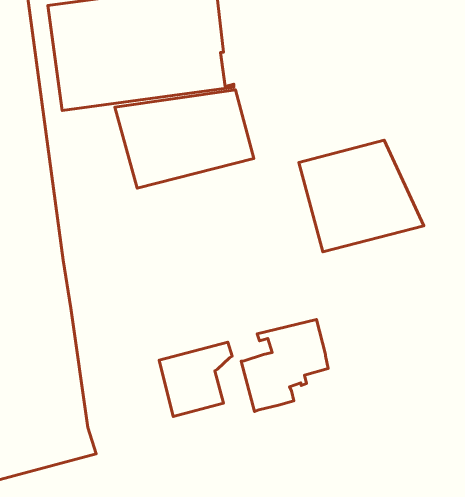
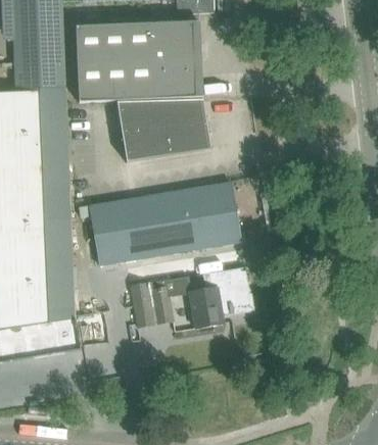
building: [299,140,424,252] -> none
building: none -> [78,181,240,264]

